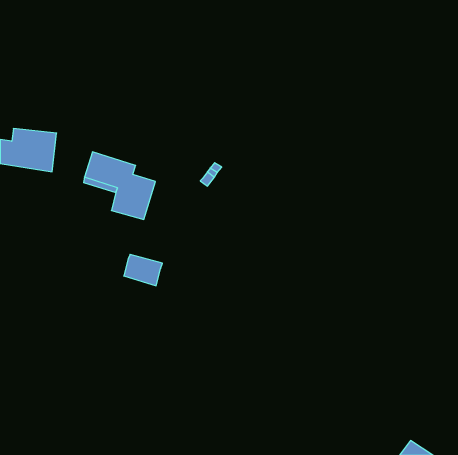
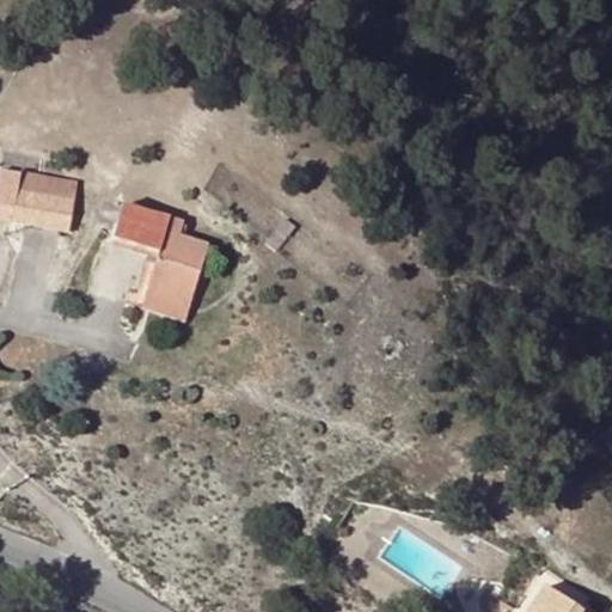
building: [124,254,162,286] -> [141,280,192,322]

